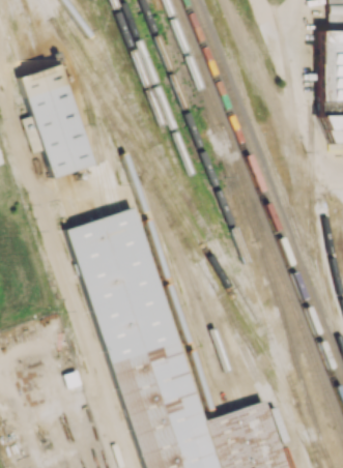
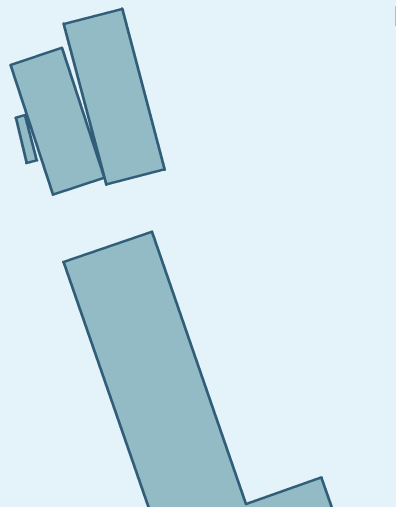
building: none -> [64,9,165,185]

